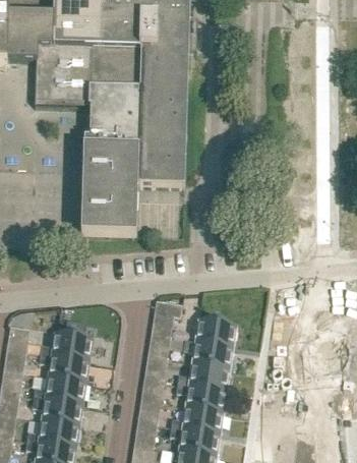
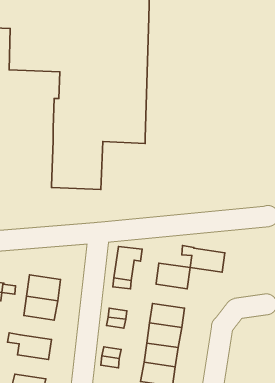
building: [184,334,232,363] -> [182,246,225,272]
building: [47,371,84,398] -> none
building: [41,415,78,442] -> none

